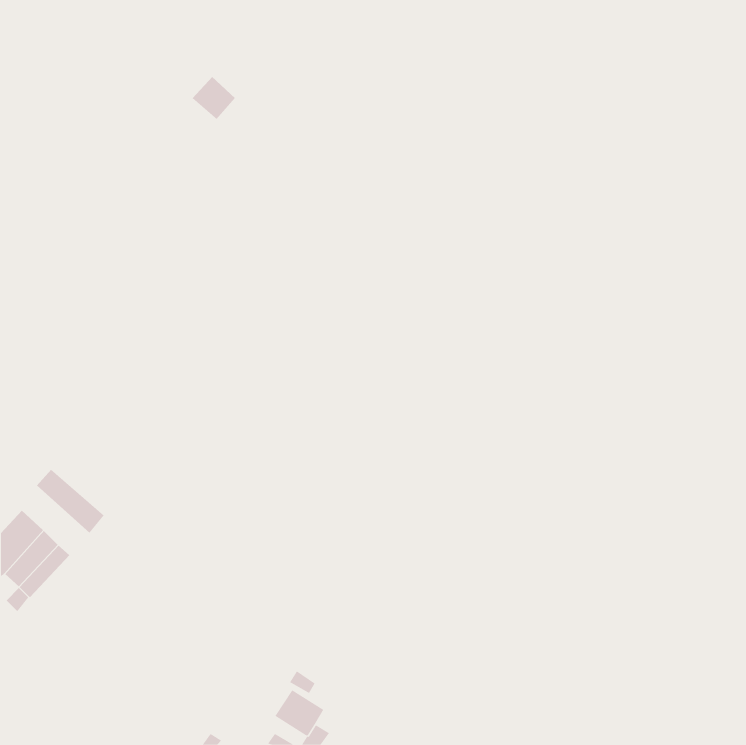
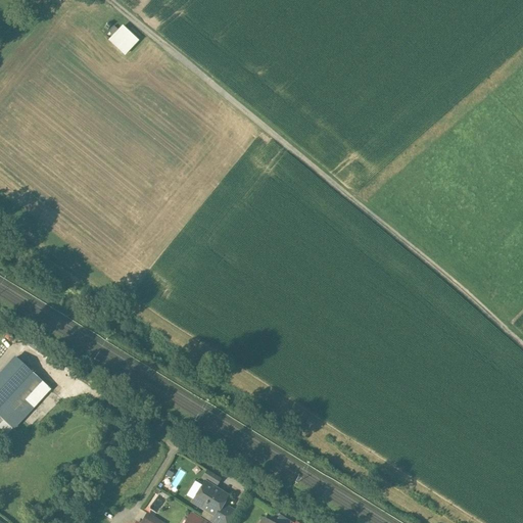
building: [192,76,236,120] -> [107,23,138,54]
building: [36,469,104,534] -> none

